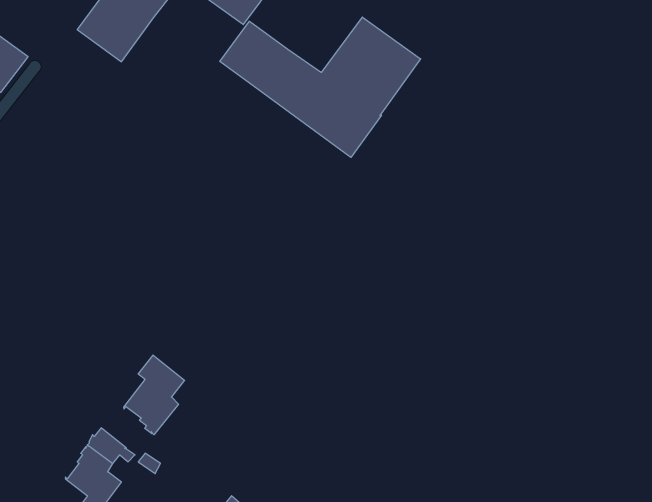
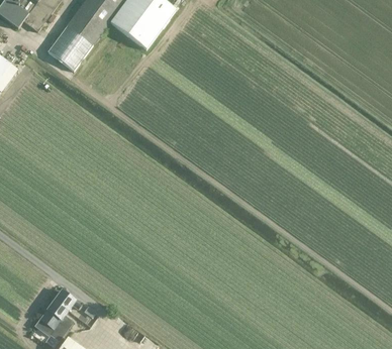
building: [220,17,421,157] -> none
building: [124,355,185,435] -> none

